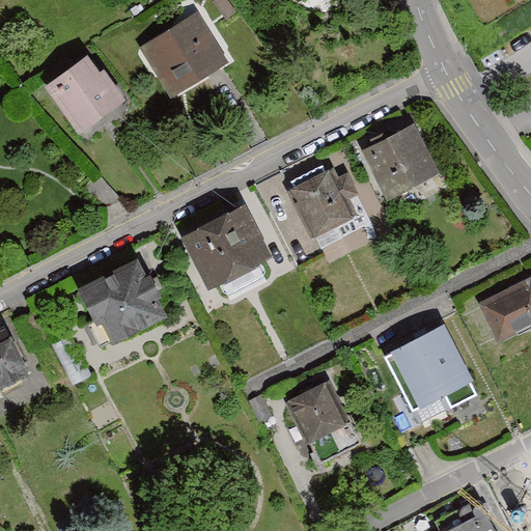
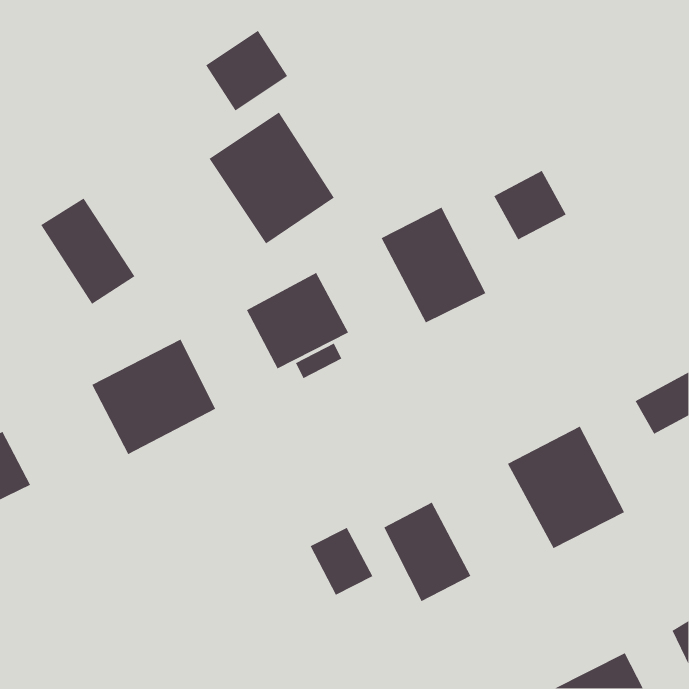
building: [46,47,118,129] -> [40,198,135,305]
building: none -> [208,111,335,244]
building: none -> [309,527,374,596]

